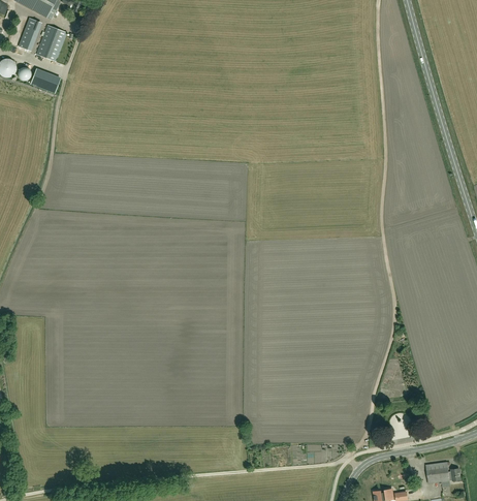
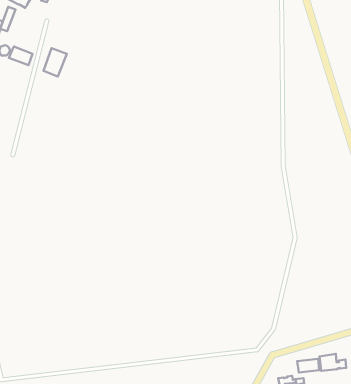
building: [36,25,66,61] -> [43,48,67,77]
building: none -> [297,359,319,373]

